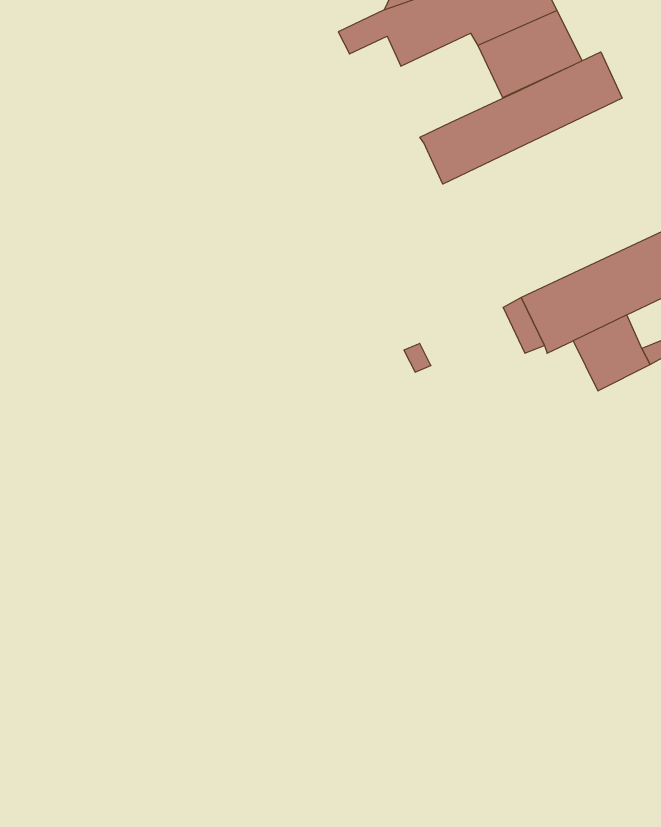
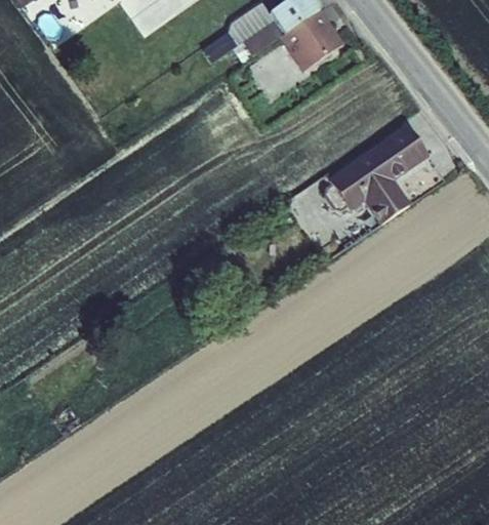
building: [420,52,622,184] -> none

